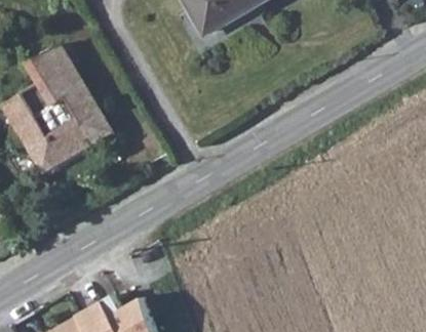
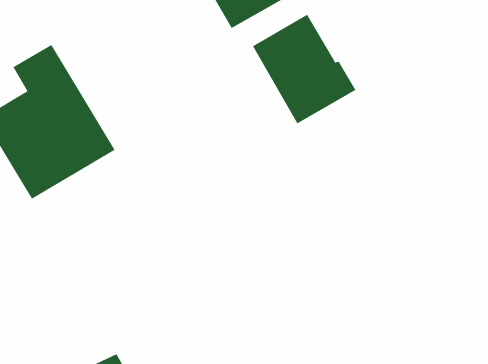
building: none -> [252,14,356,124]

